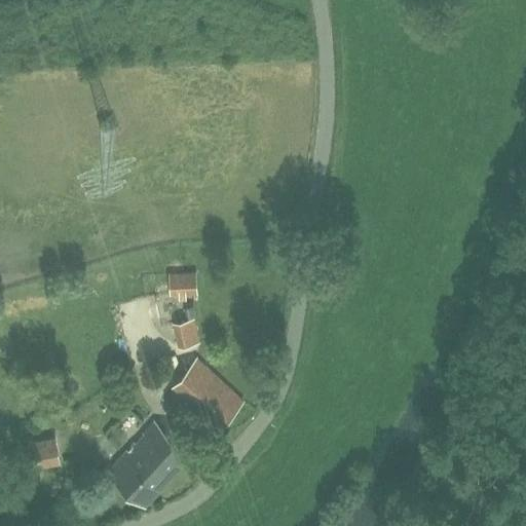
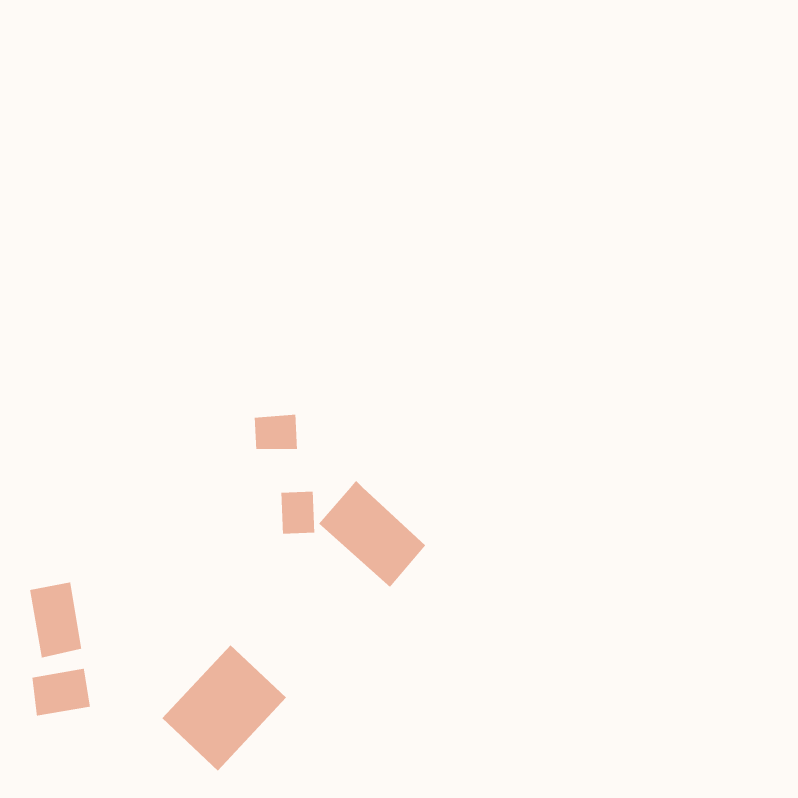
building: [171,360,241,430] -> [318,480,426,588]
building: none -> [29,582,82,659]

